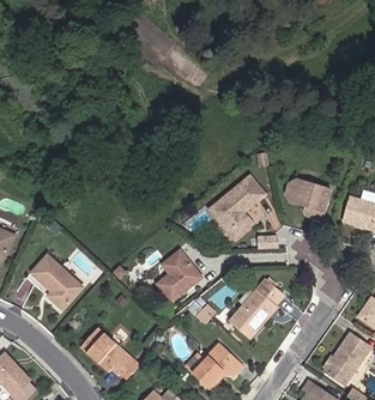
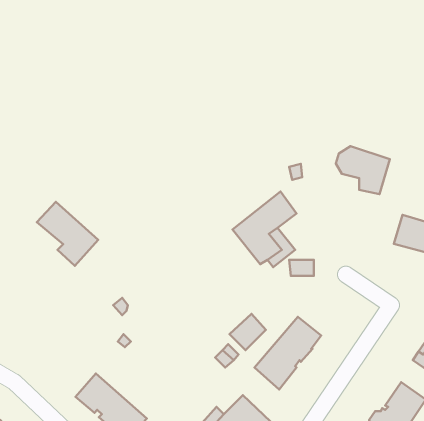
building: [285,178,329,218] -> [336,146,390,194]
building: [157,251,202,301] -> none
building: [30,255,80,308] -> [37,202,98,266]

